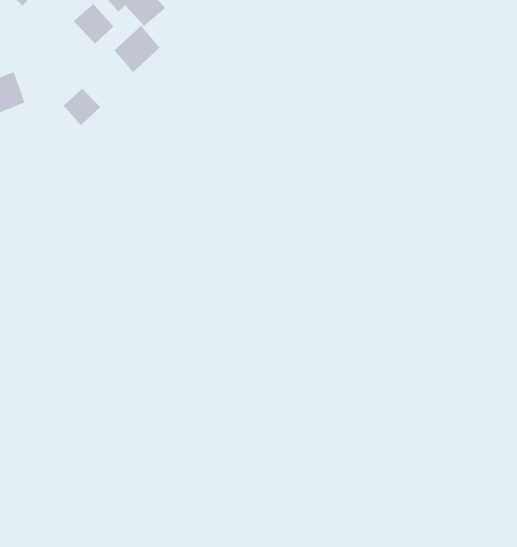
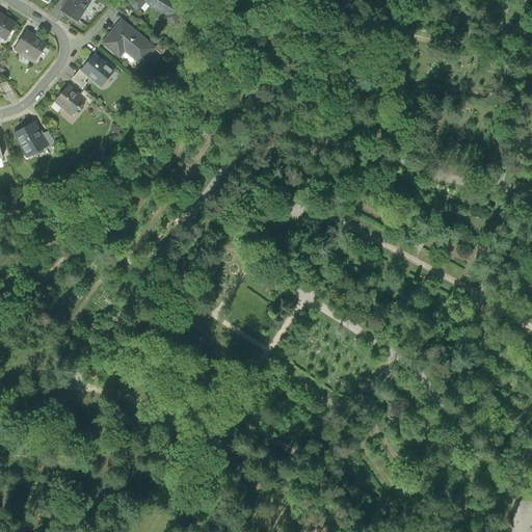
building: [114,25,160,73] -> none
building: [63,88,101,126] -> [54,83,87,116]

